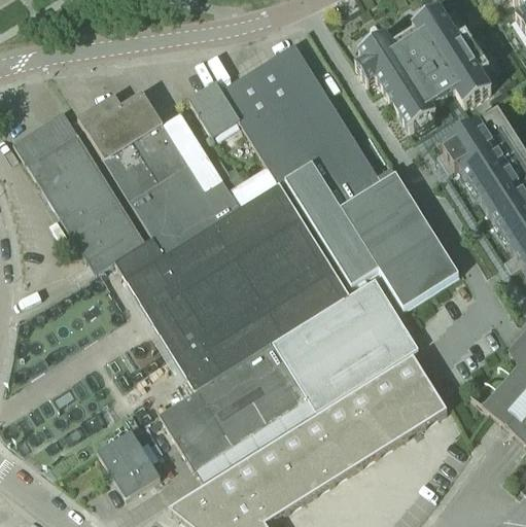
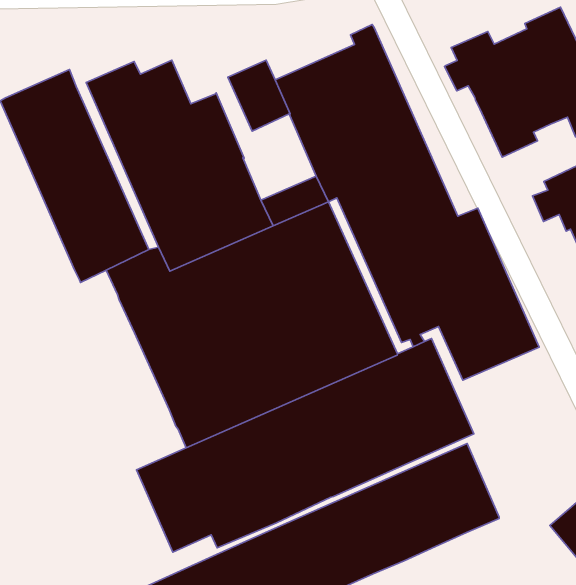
building: [96,428,160,497] -> none

